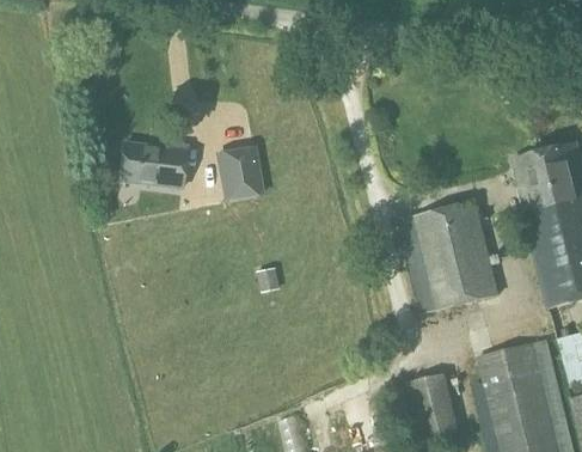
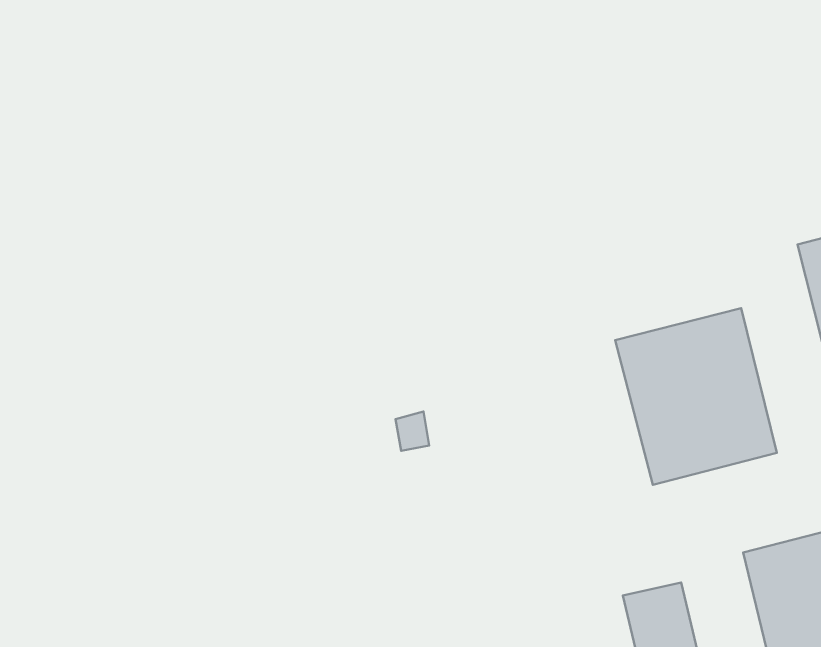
building: [121,141,188,188] -> none
building: [219,146,263,198] -> none

